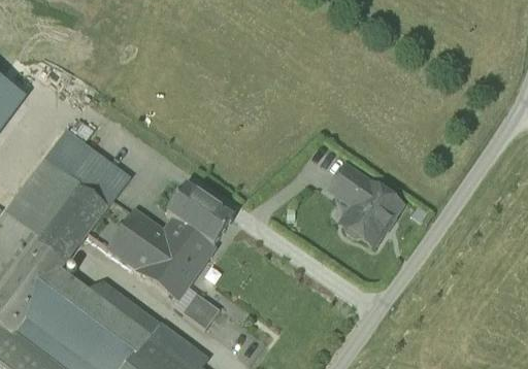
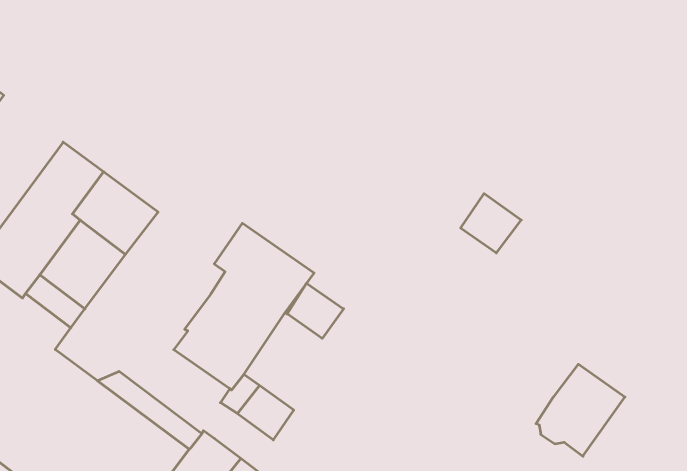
building: [341,182,400,243] -> [536,364,625,456]
building: [109,210,164,268] -> none
building: none -> [287,283,344,338]

